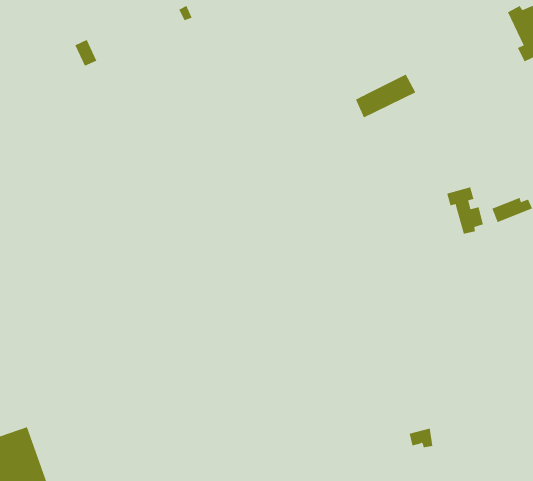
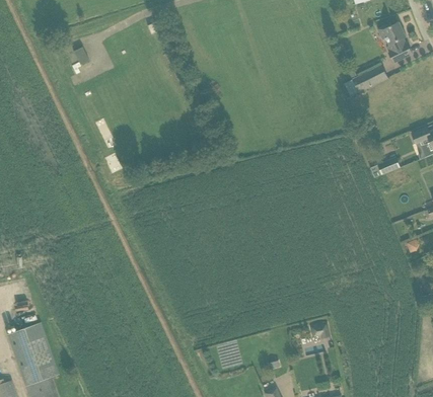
building: [355,74,416,118] -> [345,65,388,96]
building: [447,186,483,234] -> none

